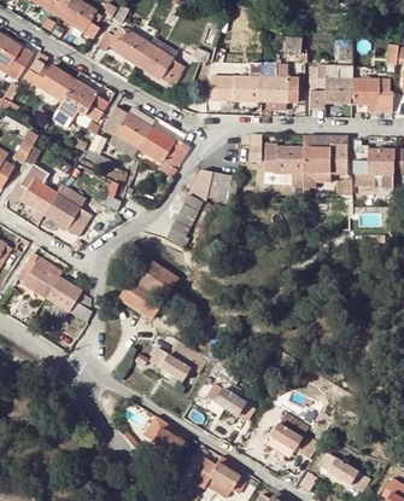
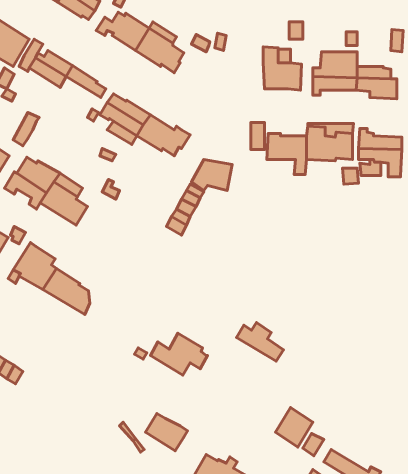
building: [217,76,262,104] -> none
building: [59,91,103,121] -> none
building: [118,262,177,319] -> none
building: [209,383,254,420] -> [237,323,284,361]

